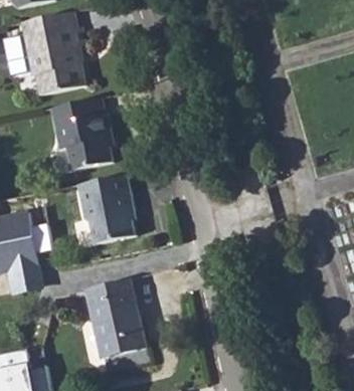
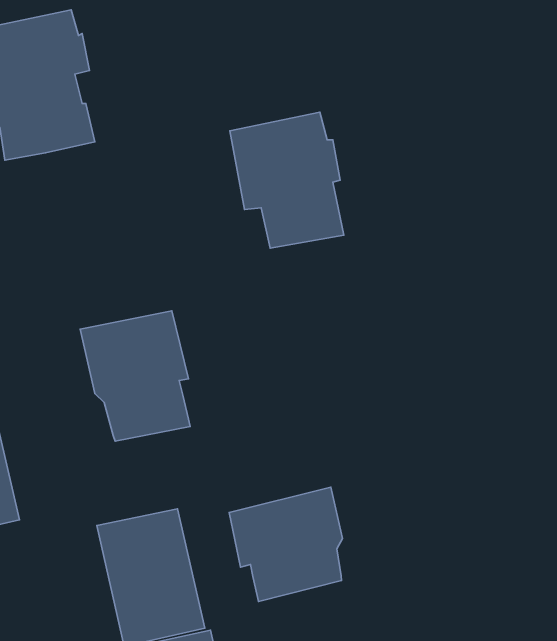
building: [48,93,111,168] -> [230,112,344,248]
building: none -> [229,487,342,602]

